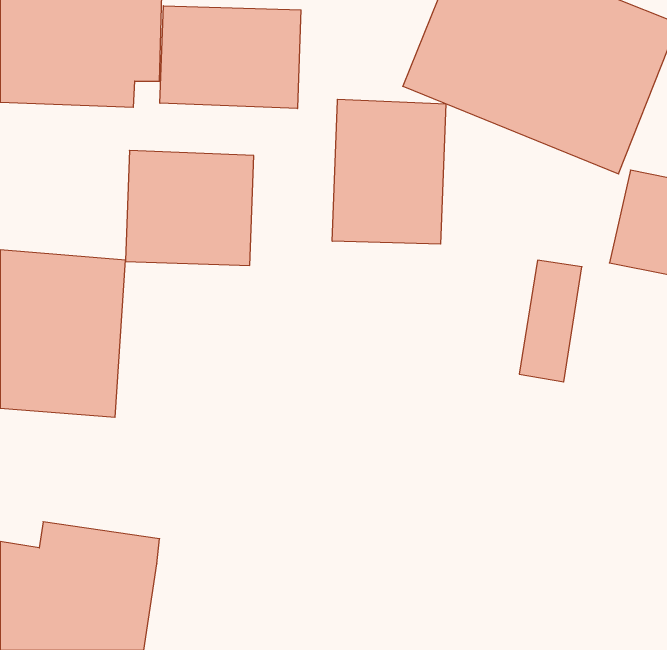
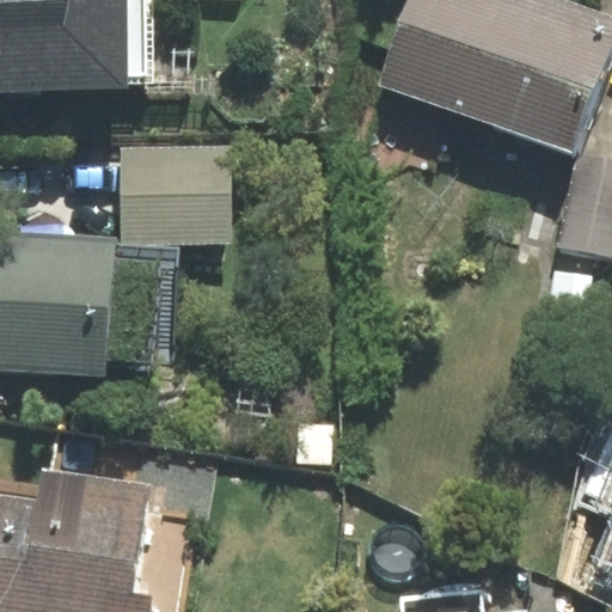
building: [160,6,301,109] -> none
building: [332,99,446,244] -> none

